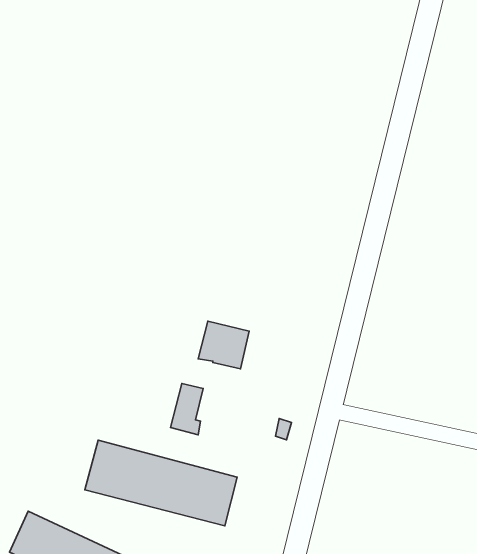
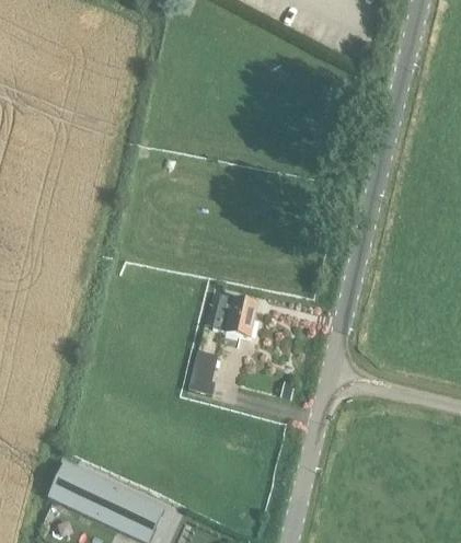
building: [85,440,237,526] -> none

